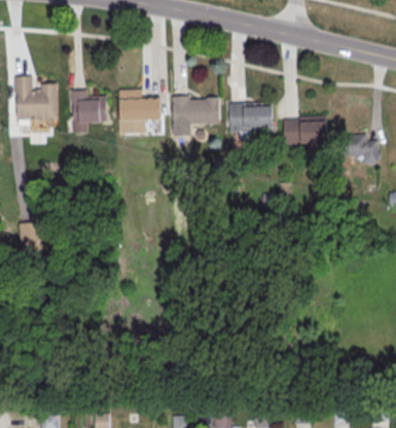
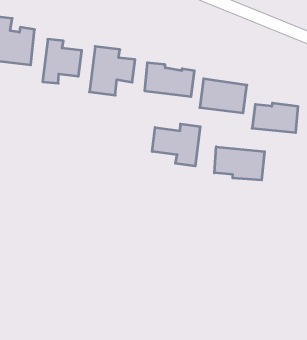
building: none -> [152,124,200,166]
building: none -> [214,147,265,180]

